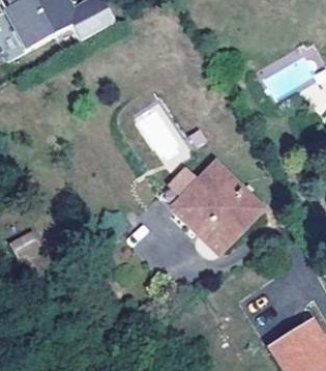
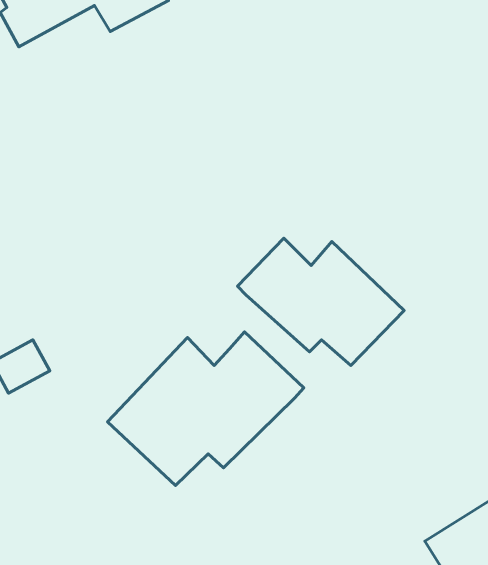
building: none -> [107,332,304,486]

